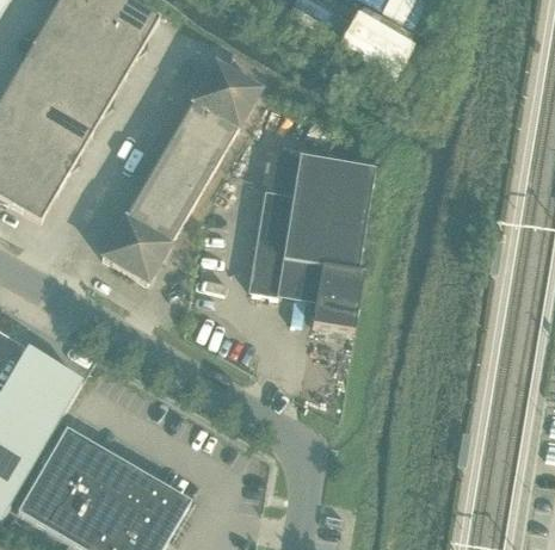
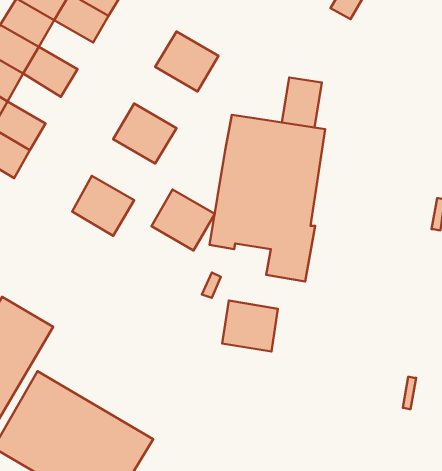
building: [67,49,125,101] -> none
building: [169,99,238,165] -> none
building: [33,106,91,160] -> none
building: none -> [282,78,322,127]
building: [124,177,192,242] -> [151,189,215,250]
building: none -> [222,301,278,352]

